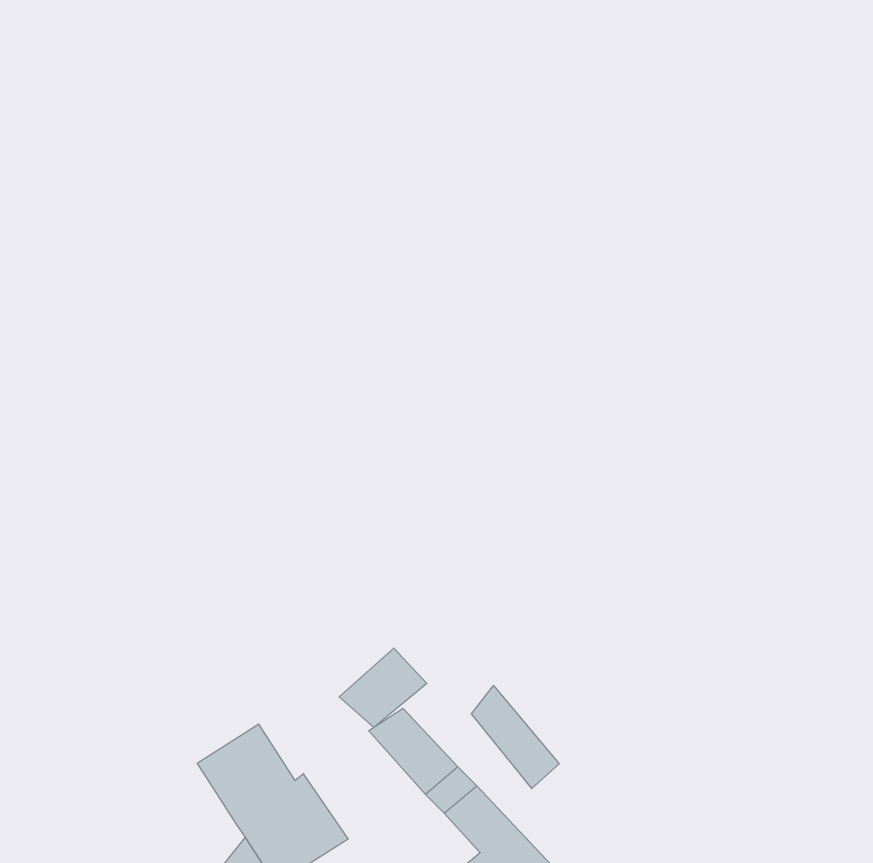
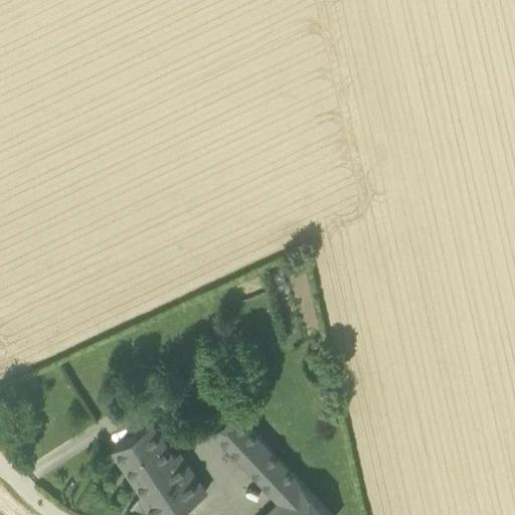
building: [339,648,427,728] -> none
building: [471,686,559,789] -> none

